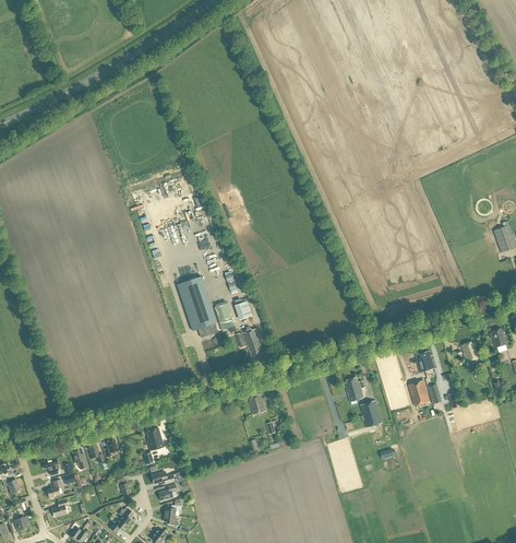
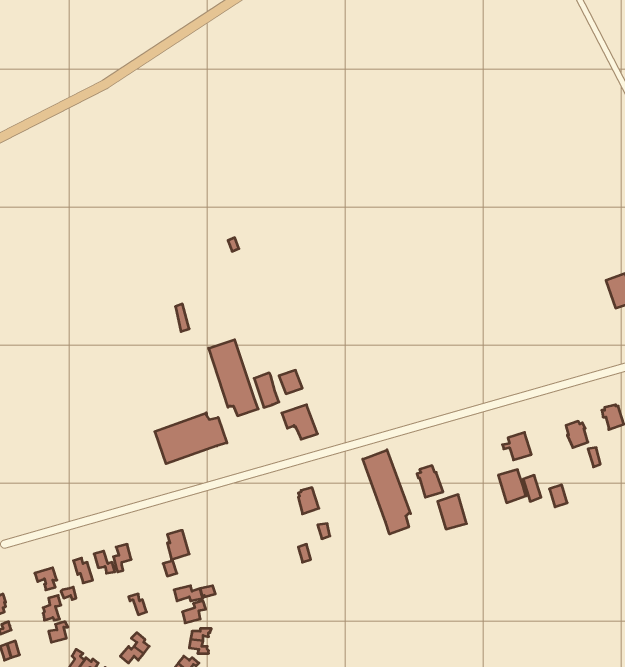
building: none -> [155,413,227,464]
building: none -> [363,450,411,534]

